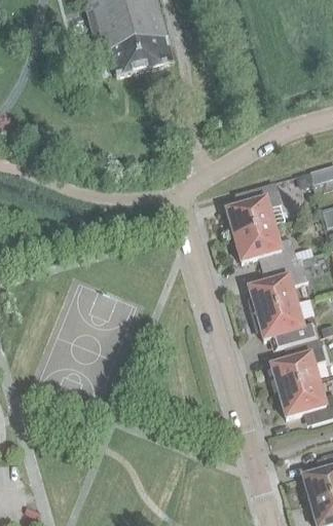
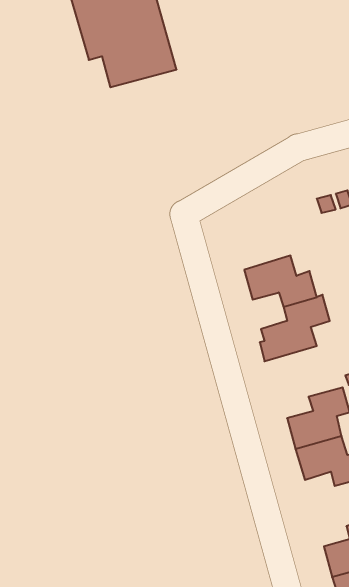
building: [225,180,281,234] -> none
building: [251,300,319,349] -> none

